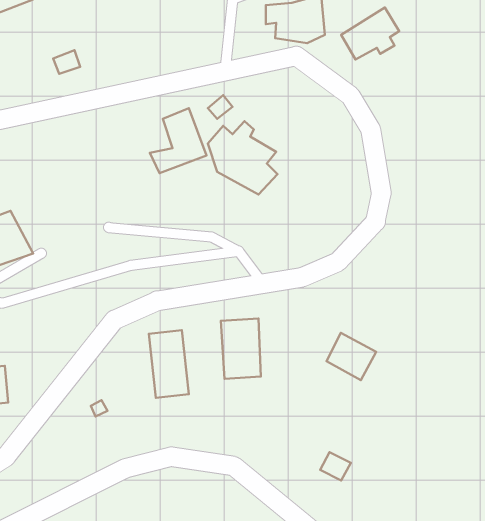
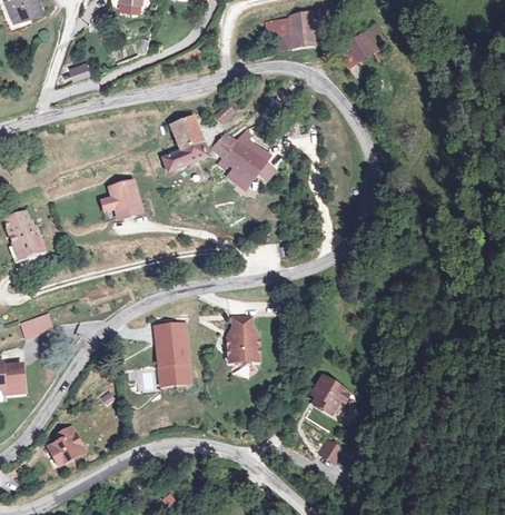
building: none -> [98,177,148,226]
building: none -> [21,313,56,338]
building: [327,333,376,380] -> [306,374,353,418]
building: none -> [43,426,87,472]

